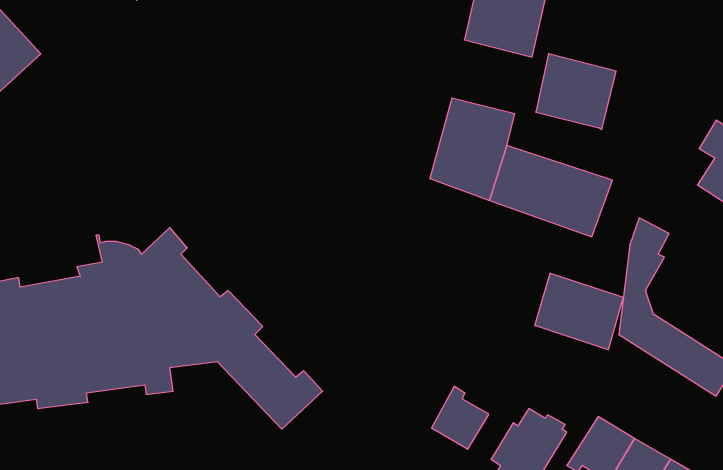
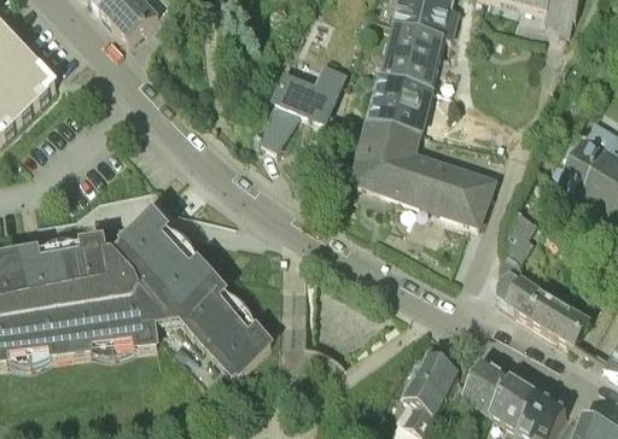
building: none -> [253,64,344,147]
building: [536,54,616,129] -> [371,72,432,130]
building: [535,273,623,350] -> none
building: [431,386,488,449] -> none

